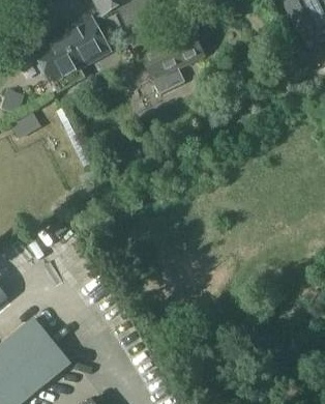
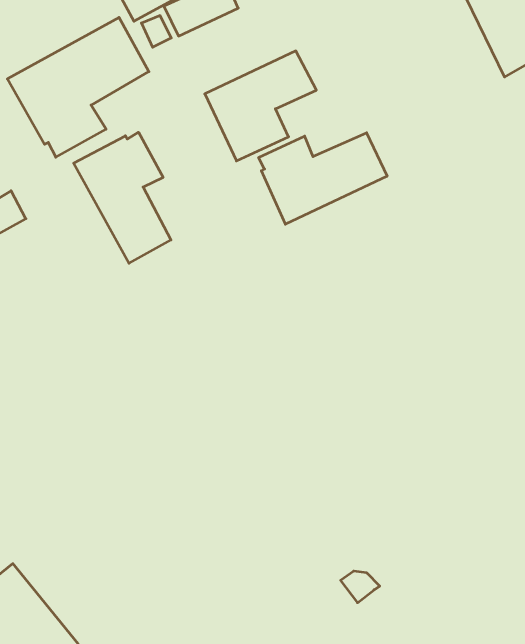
building: none -> [74,132,171,263]
building: none -> [259,133,387,224]

